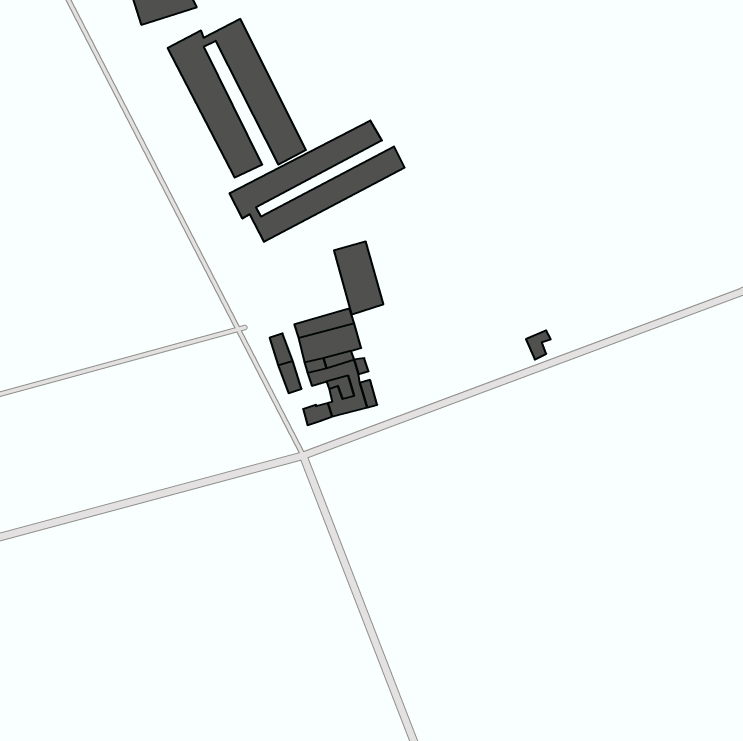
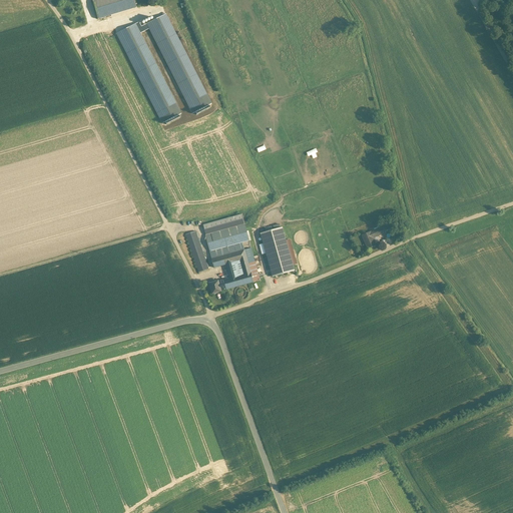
building: [230,120,405,242] -> none
building: [334,242,383,314] -> [260,225,294,276]

